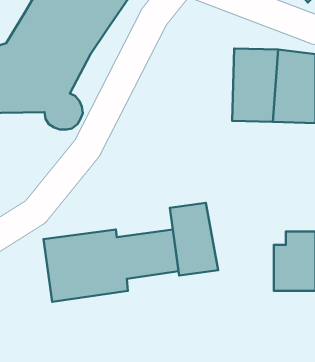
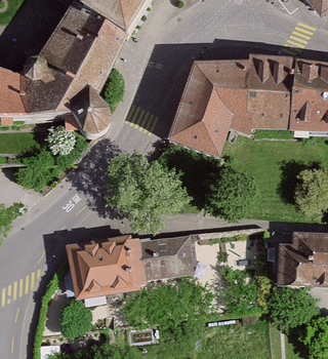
building: none -> [168,59,251,157]
building: [170,203,218,275] -> none

